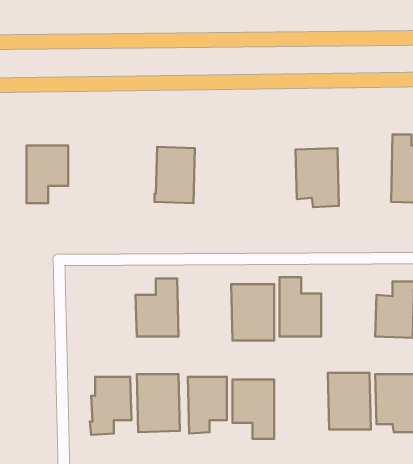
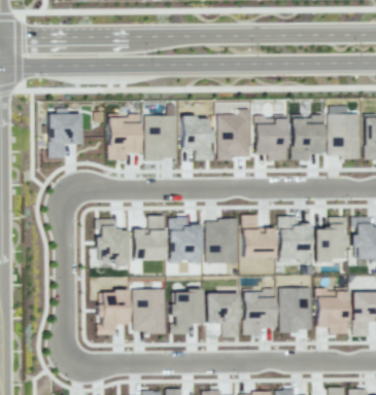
building: none -> [218,109,251,160]
building: none -> [109,114,141,160]
building: none -> [292,114,324,160]
building: none -> [182,117,214,160]
building: none -> [279,216,312,259]
building: none -> [169,218,203,263]
building: none -> [99,220,128,263]
building: none -> [244,292,274,328]

